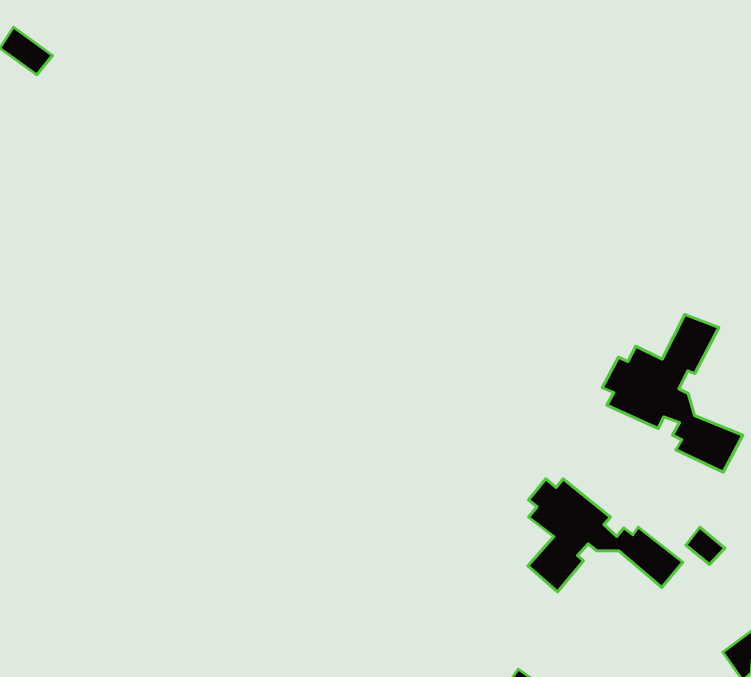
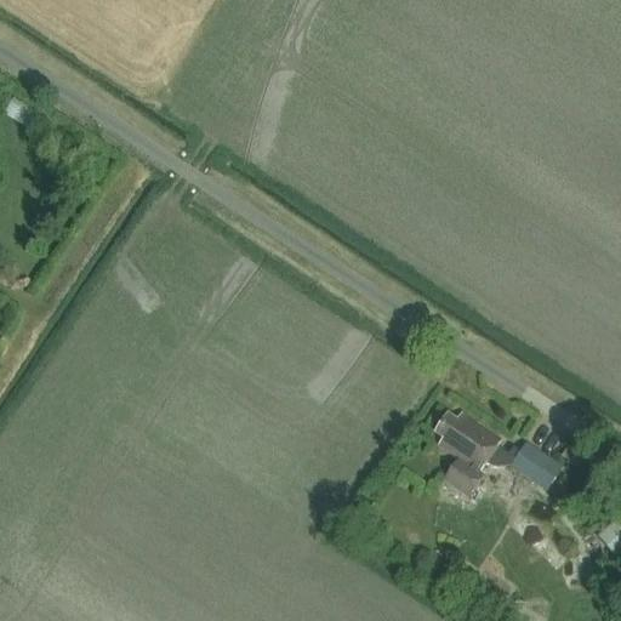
building: [602,314,743,472] -> none

